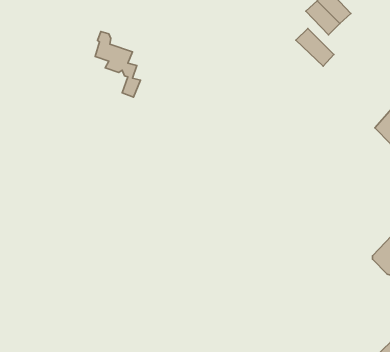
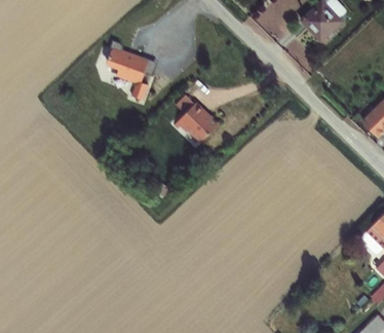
building: [296,28,334,66] -> none
building: none -> [179,101,222,141]

